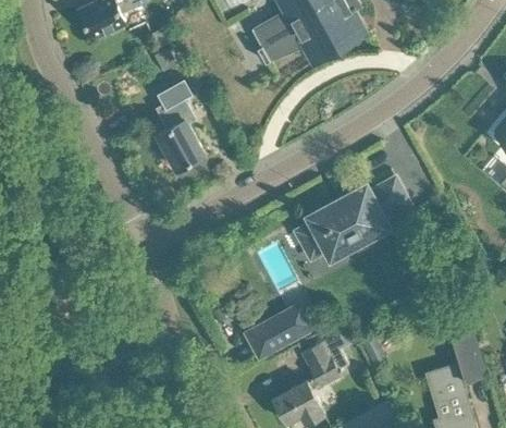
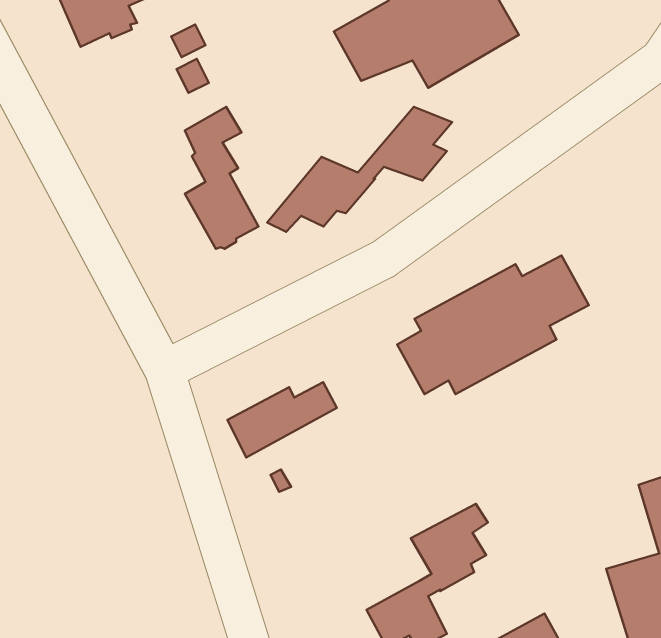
building: none -> [267,107,452,232]
building: [245,313,314,360] -> [227,382,337,457]

